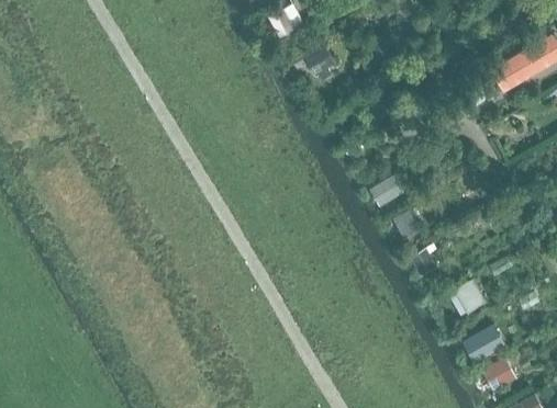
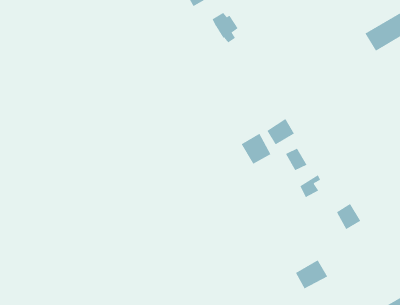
building: none -> [241,133,271,165]
building: [465,325,505,361] -> [295,260,328,289]
building: [482,358,517,390] -> none

